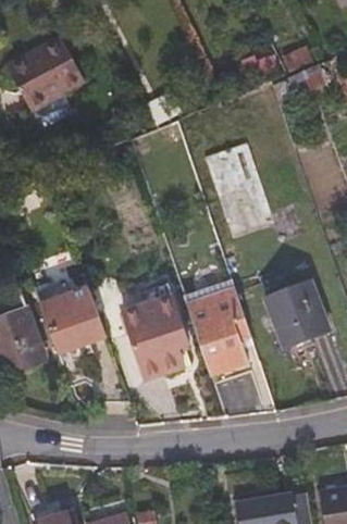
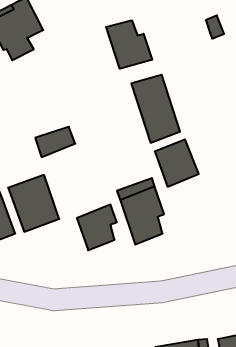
building: none -> [106,20,152,69]
building: [268,282,327,346] -> [155,139,199,187]
building: [121,294,175,335] -> [35,127,75,157]

